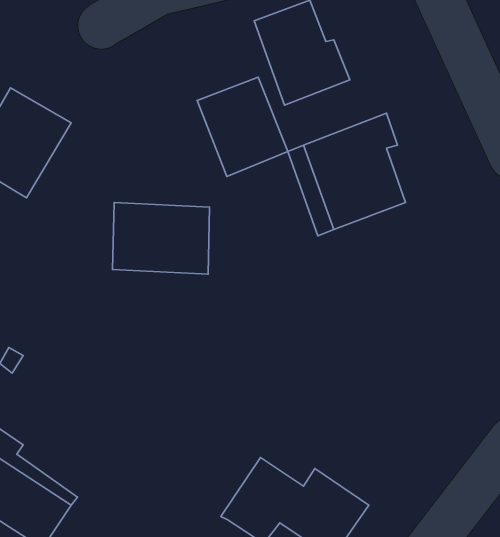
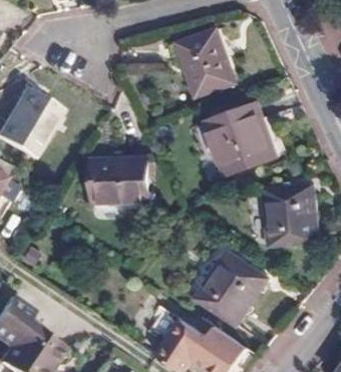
building: [197,77,288,177] -> none
building: none -> [266,187,321,248]
building: none -> [199,250,271,327]

